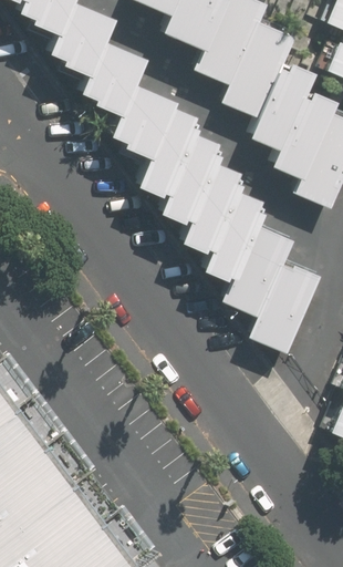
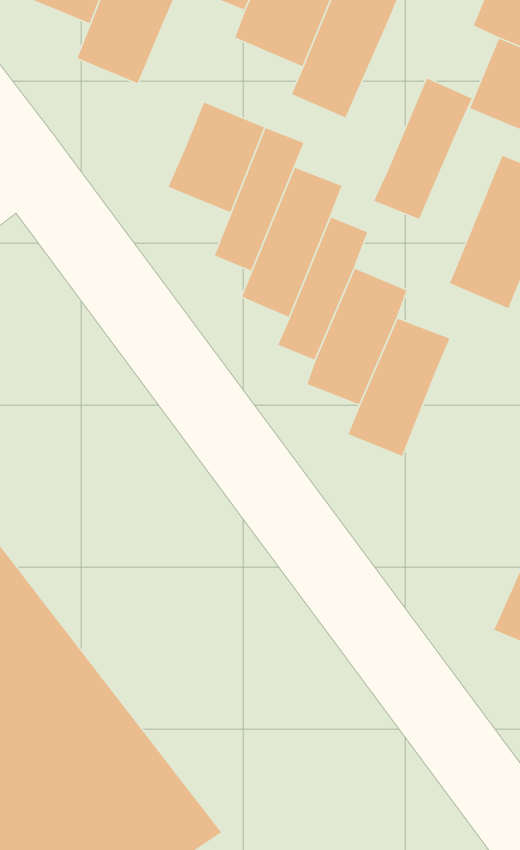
building: [219,30,288,124] -> none
building: [82,39,145,110] -> none
building: [266,96,330,189] -> none
building: [253,258,319,348] -> none

